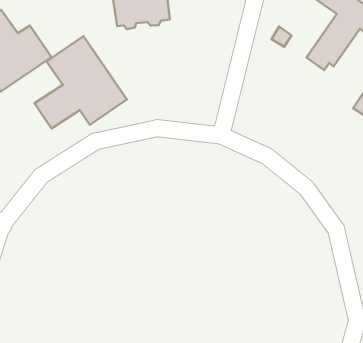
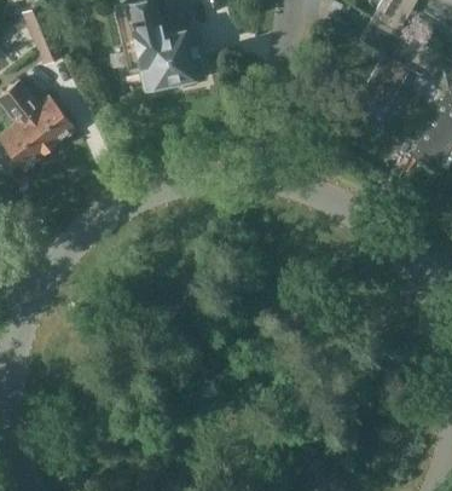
building: [34,36,127,129] -> none

